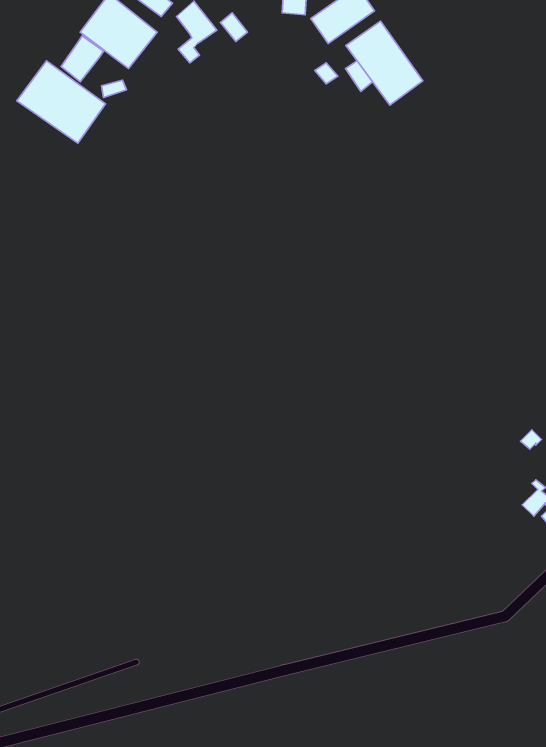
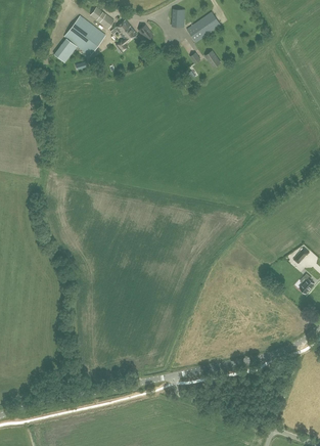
building: [346,21,423,105] -> none
building: [17,61,105,143] -> none

